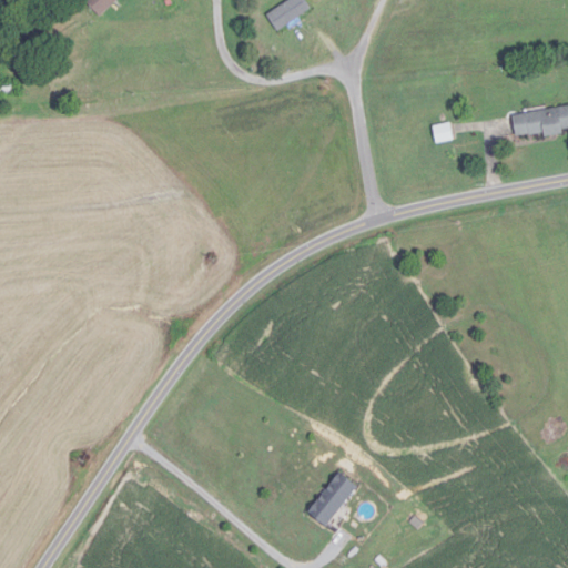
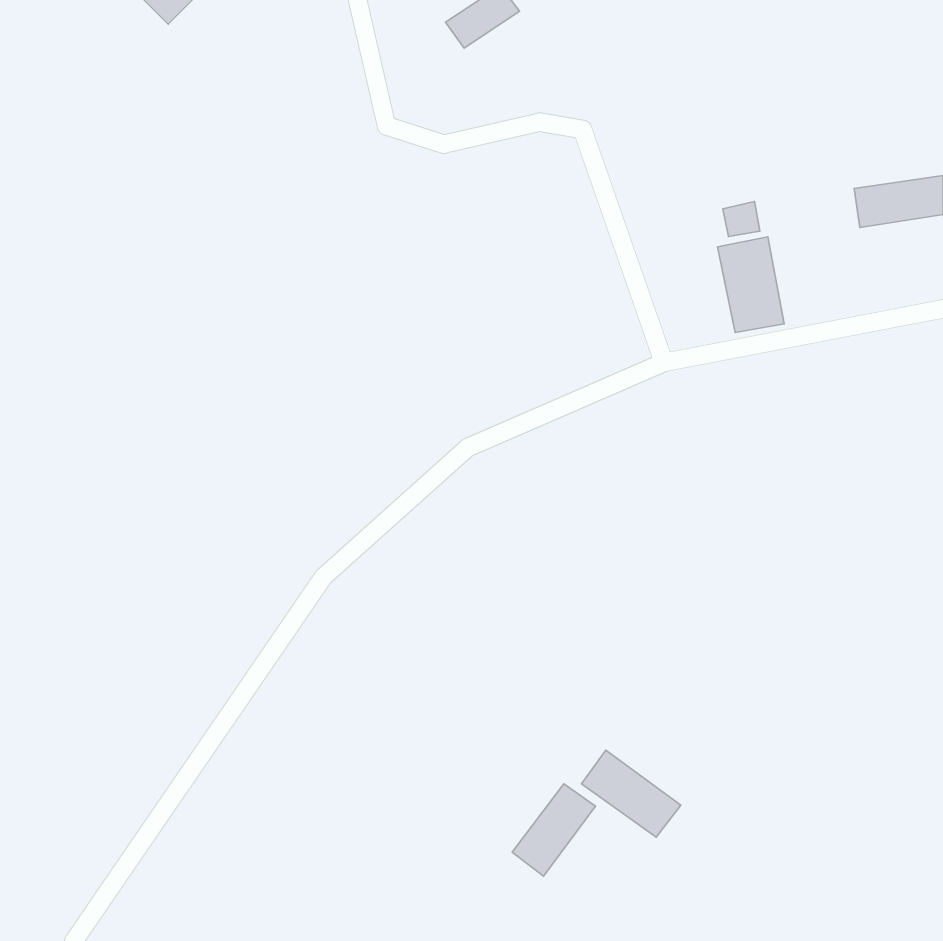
building: none -> [718,237,784,332]
building: none -> [582,750,681,837]

